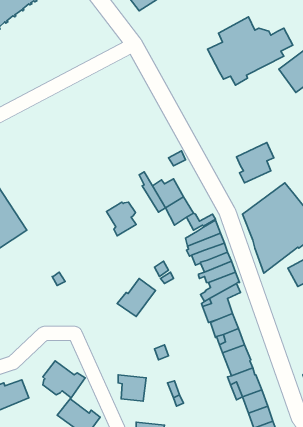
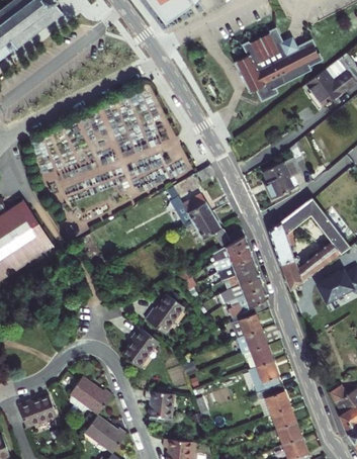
building: [106,202,136,236] -> none
building: none -> [123,327,158,366]

